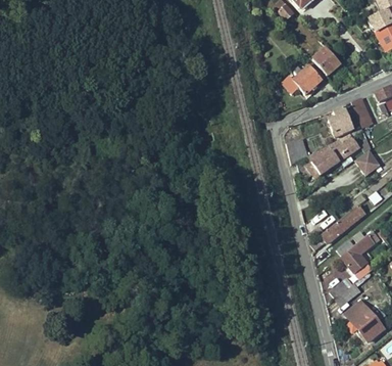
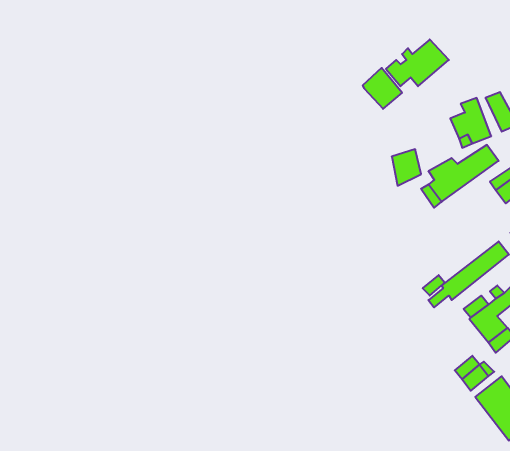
building: [311,47,339,76] -> [363,68,402,109]

